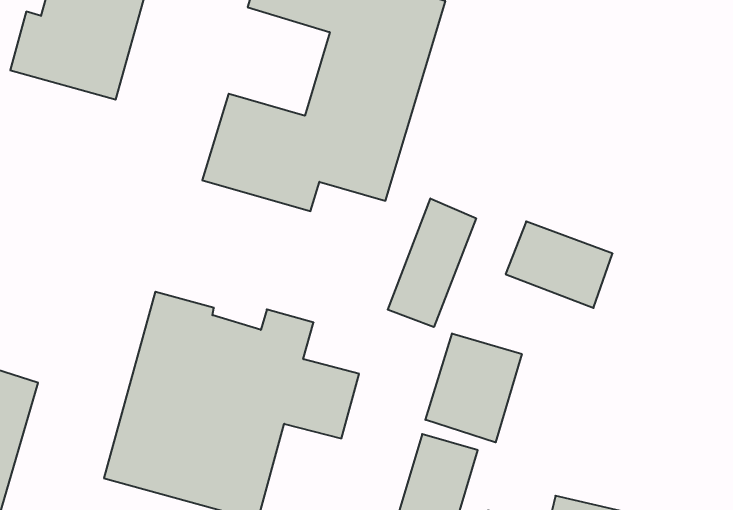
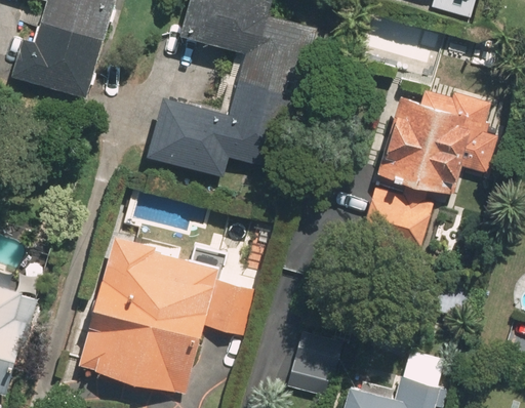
building: none -> [378,87,494,191]
building: [388,198,476,327] -> none
building: [425,333,522,442] -> none

